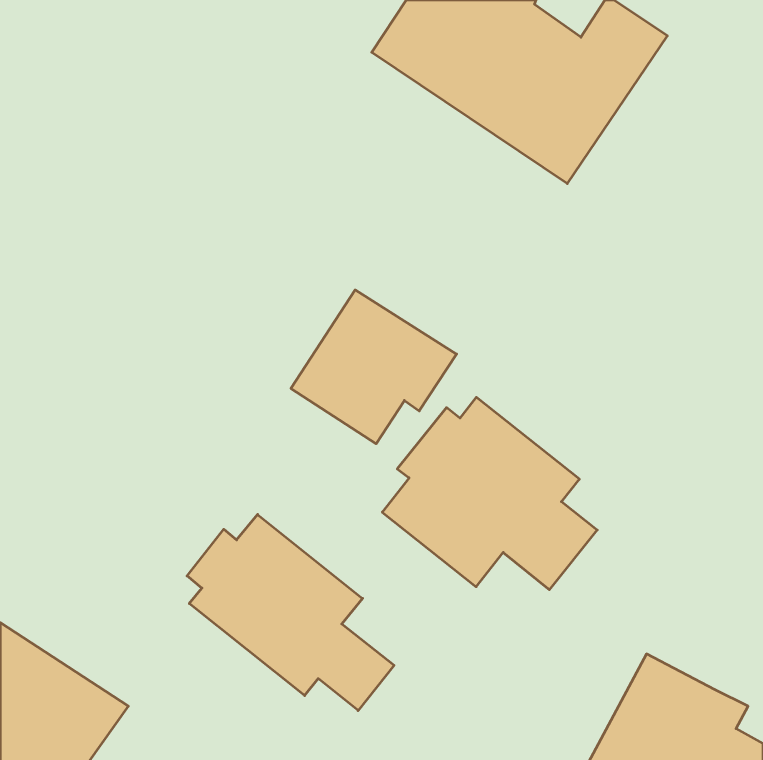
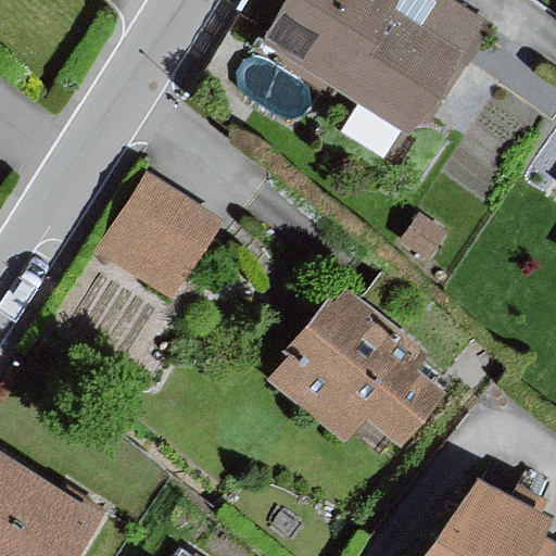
building: [291,290,457,444] -> [102,178,223,290]
building: [187,514,394,711] -> none

